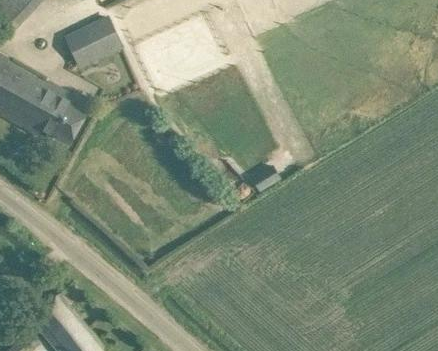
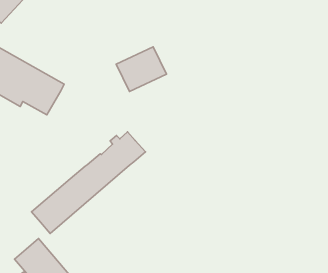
building: [62,16,123,70] -> [116,47,167,91]
building: none -> [32,132,146,234]

